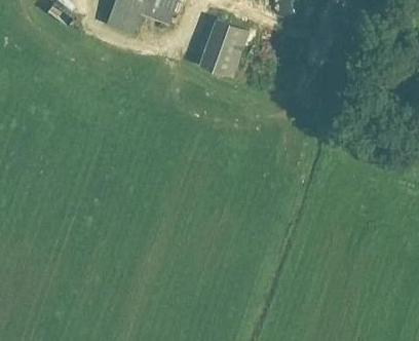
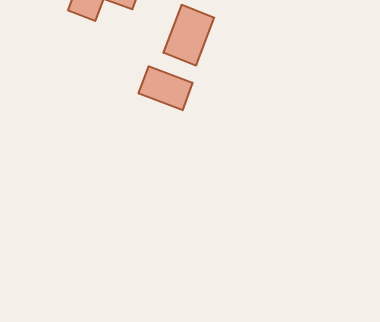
building: none -> [139,66,193,110]

